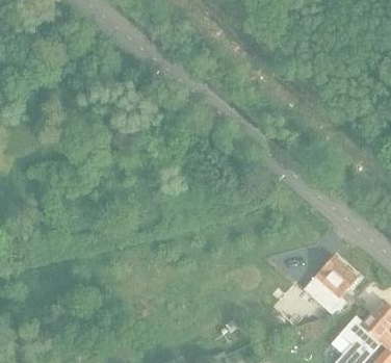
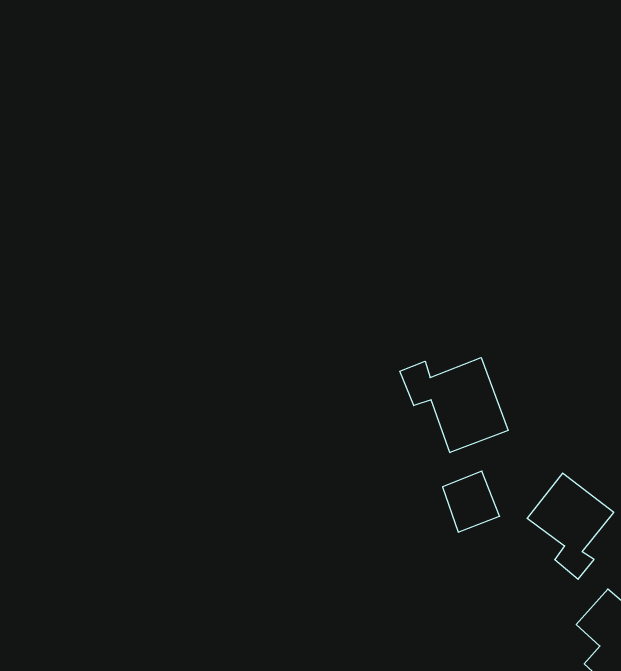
building: none -> [400,358,508,453]

